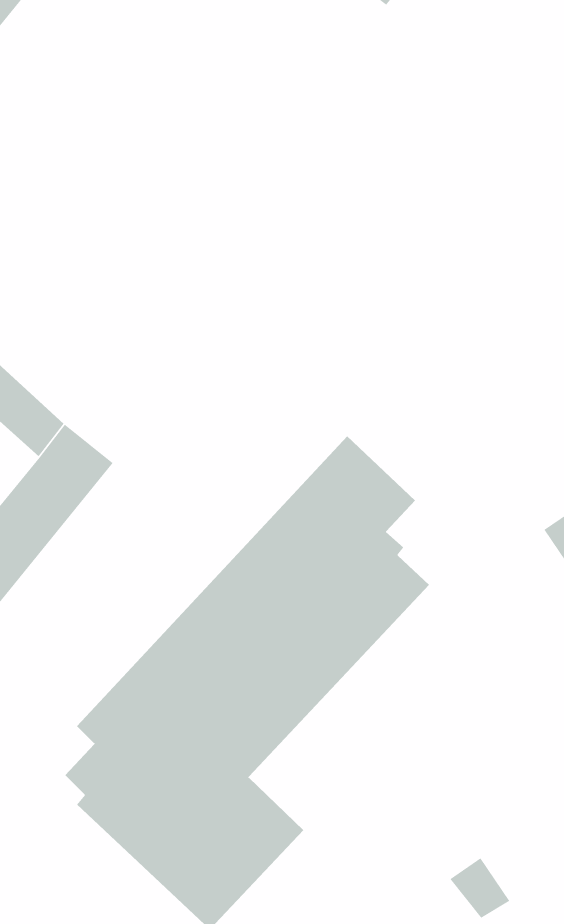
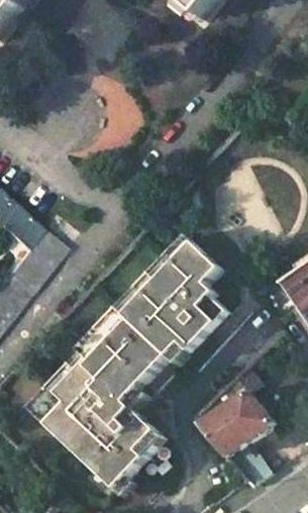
building: none -> [203,390,277,456]

